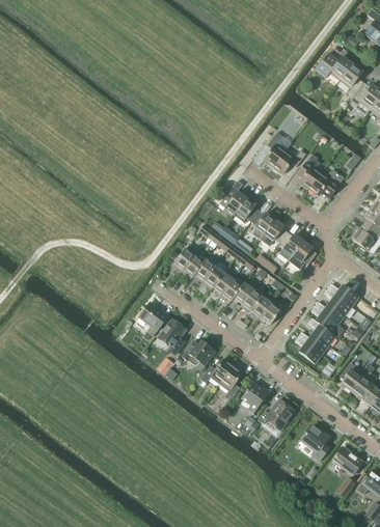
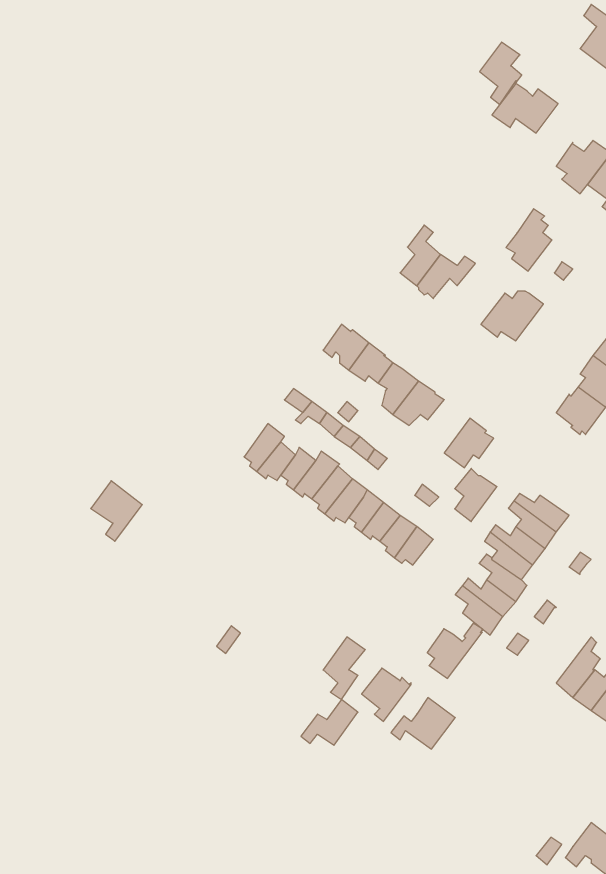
building: [340,63,363,99] -> [480,42,522,105]
building: [296,152,322,188] -> [506,209,552,271]
building: [278,230,302,260] -> [455,468,497,522]
building: [138,301,167,335] -> [91,481,142,541]
building: [158,317,186,353] -> none
building: [182,340,215,369] -> none
building: [200,357,233,383] -> [301,699,358,745]
building: [340,359,371,390] -> [427,623,482,678]
building: [300,424,328,460] -> none
building: [331,446,361,474] -> none

